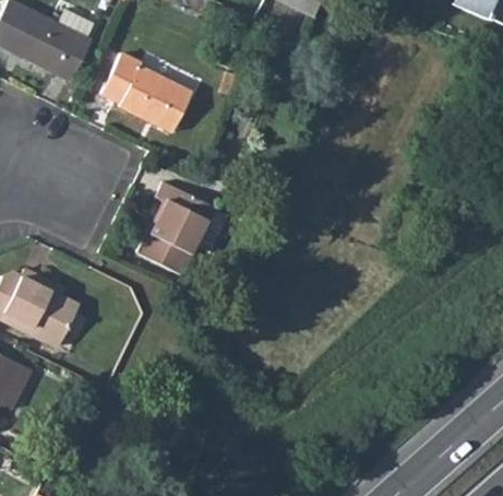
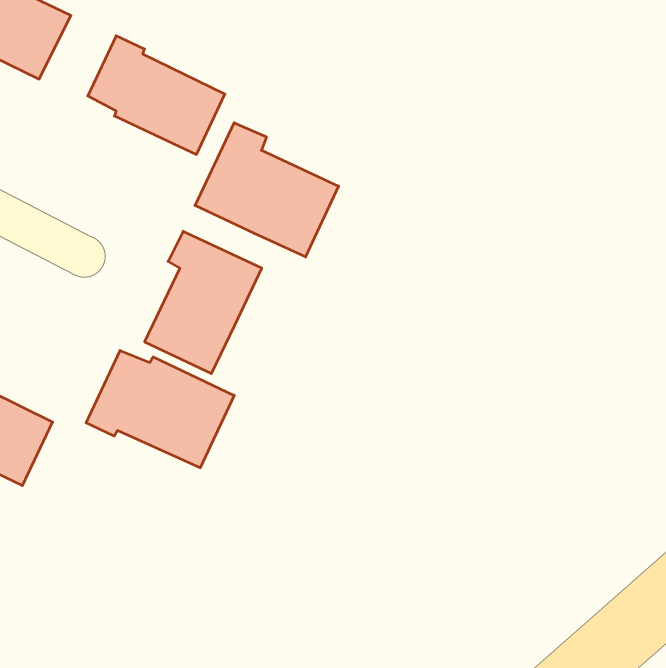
building: none -> [195,123,339,257]
building: none -> [86,350,234,468]

